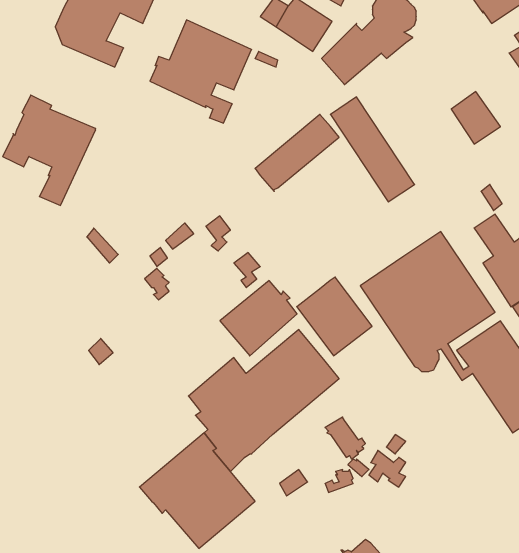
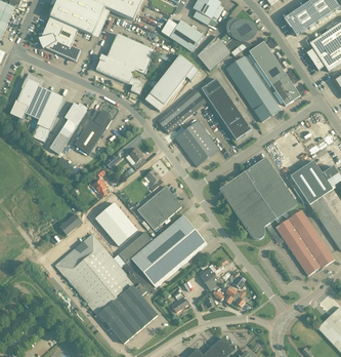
building: none -> [245,41,286,85]
building: none -> [144,54,199,111]
building: none -> [225,55,280,121]
building: none -> [49,102,86,154]
building: none -> [73,110,111,154]
building: [297,277,372,356] -> [174,120,218,166]
building: none -> [94,202,136,246]
building: none -> [54,233,127,307]

